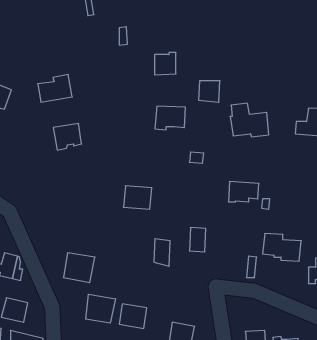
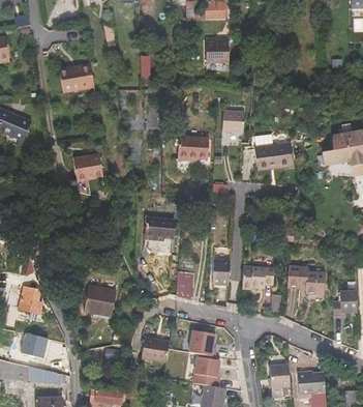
building: [155,53,176,75] -> [206,38,228,61]
building: [38,75,72,102] -> [59,63,94,91]
building: [228,182,259,202] -> [242,267,273,288]
building: [86,294,116,323] -> none
building: none -> [188,330,214,356]

